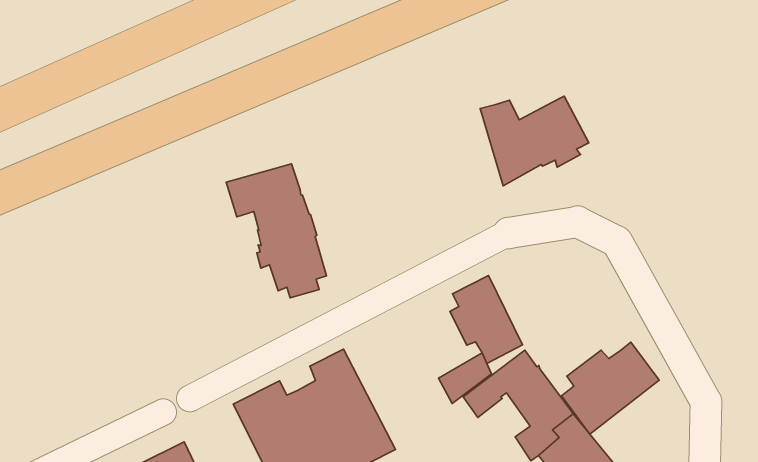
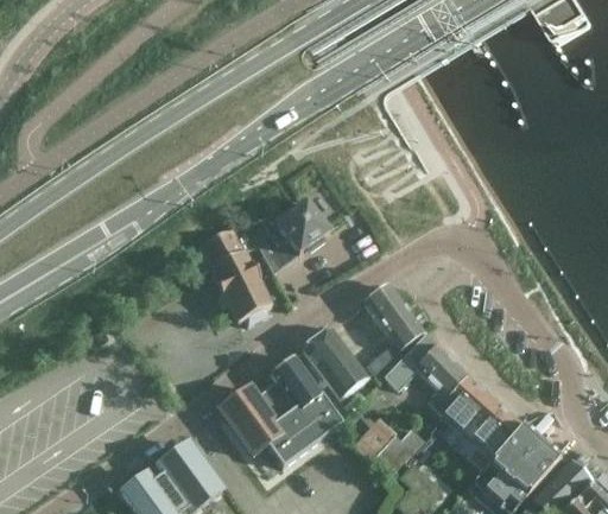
building: [480,96,589,186] -> [246,201,329,273]
building: none -> [300,325,368,398]
building: [561,342,659,434] -> none

